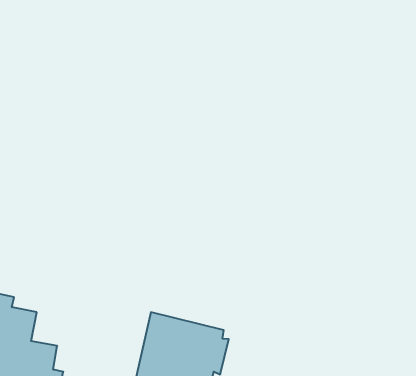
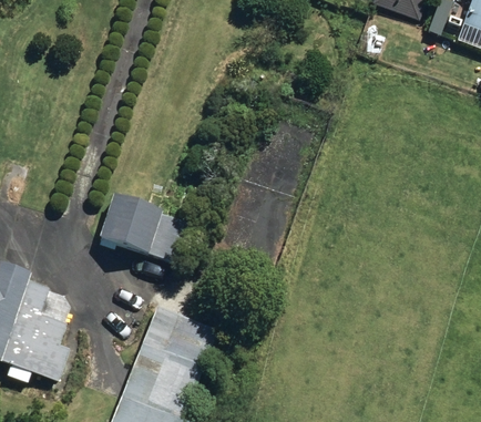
building: none -> [100,195,163,254]

